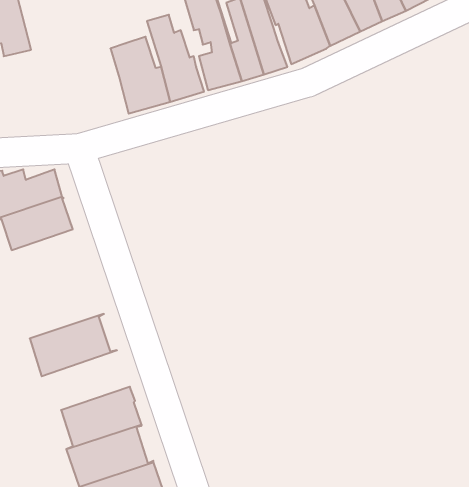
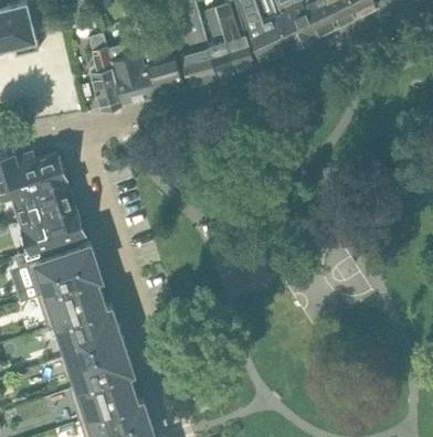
building: none -> [87,33,120,110]
building: none -> [21,203,84,251]
building: none -> [25,243,99,296]
building: none -> [46,306,122,356]

